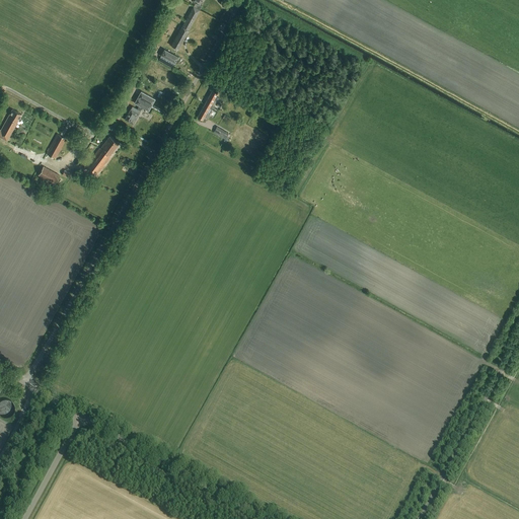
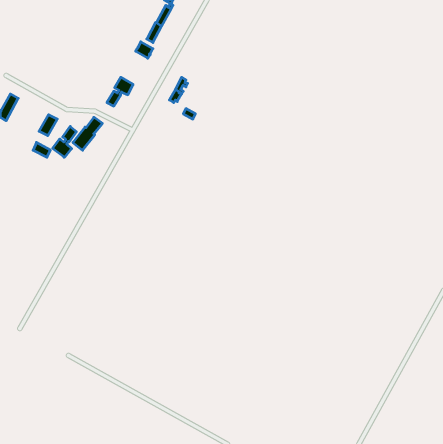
building: none -> [53,126,76,157]

